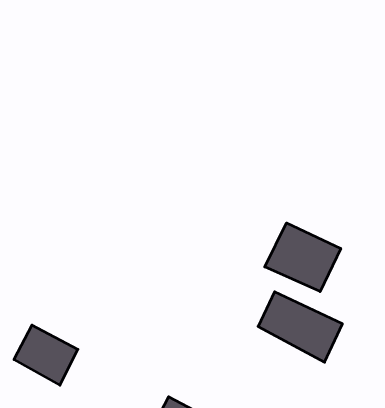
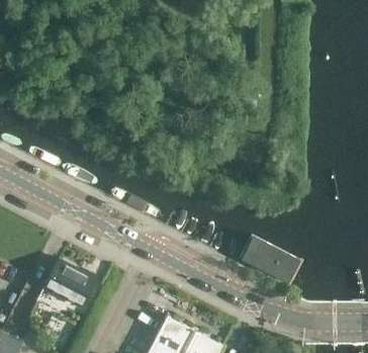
building: [265,223,341,292] -> none

